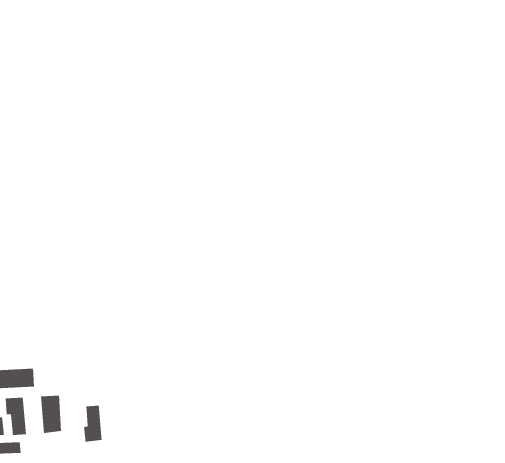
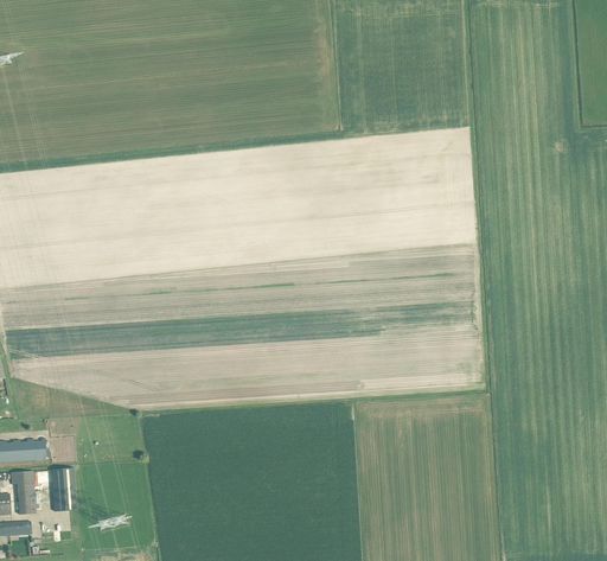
building: [83,405,102,443] -> none

